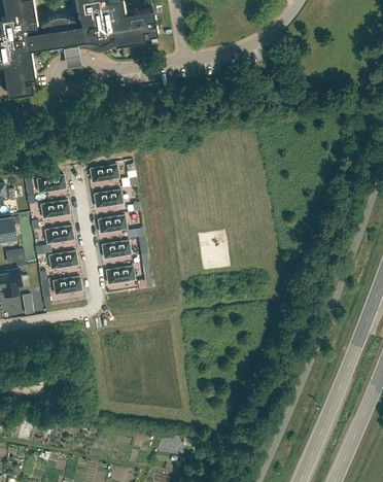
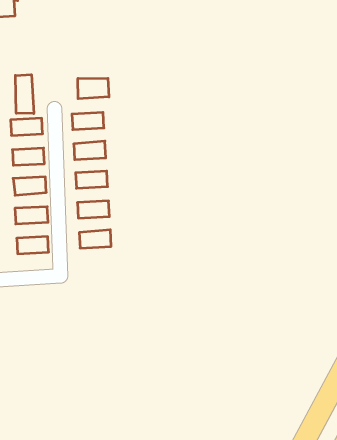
building: none -> [78,78,109,99]
building: none -> [15,75,34,114]

